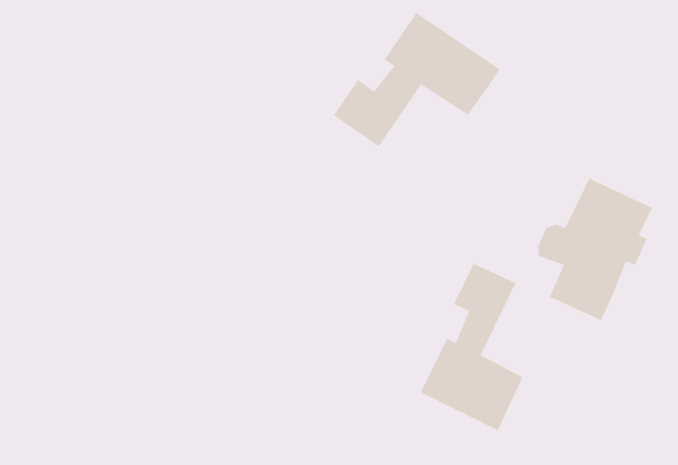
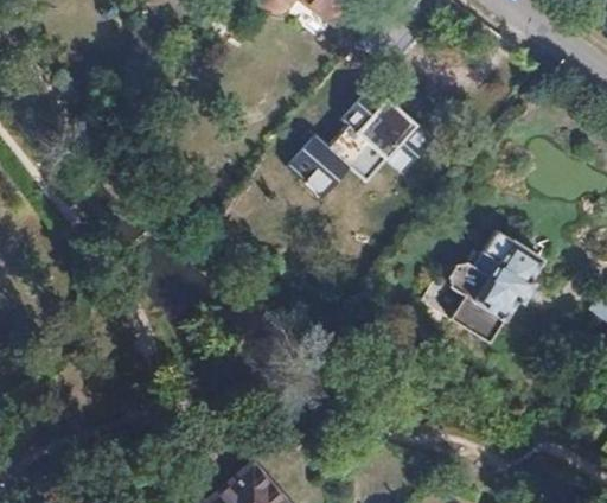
building: [420,263,523,431] -> none

